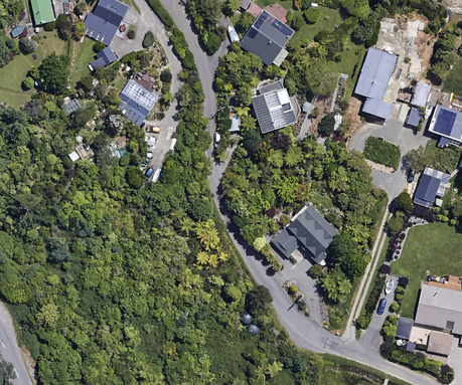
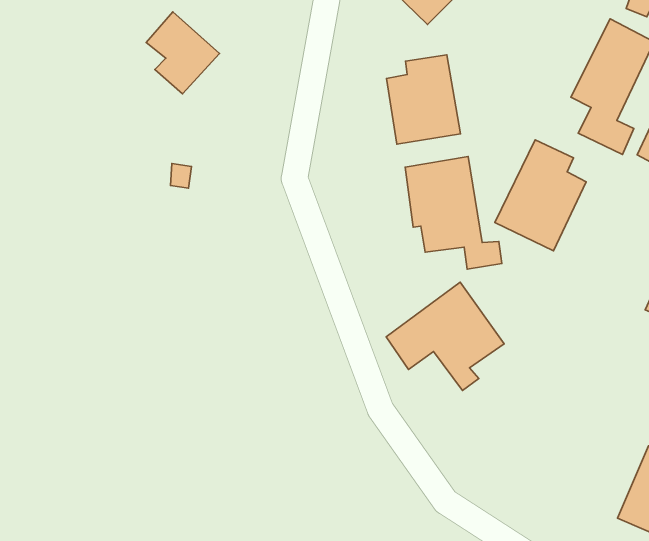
building: none -> [495,140,586,251]
building: none -> [405,157,502,269]

